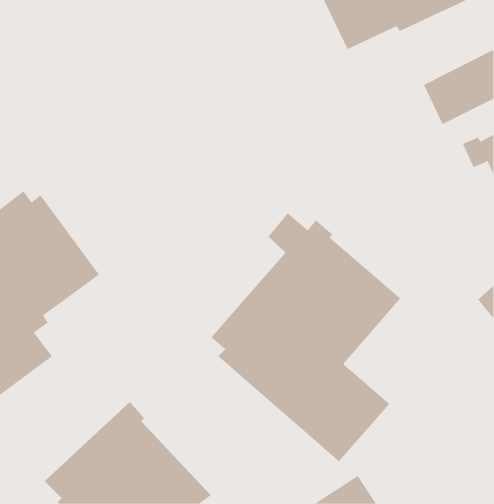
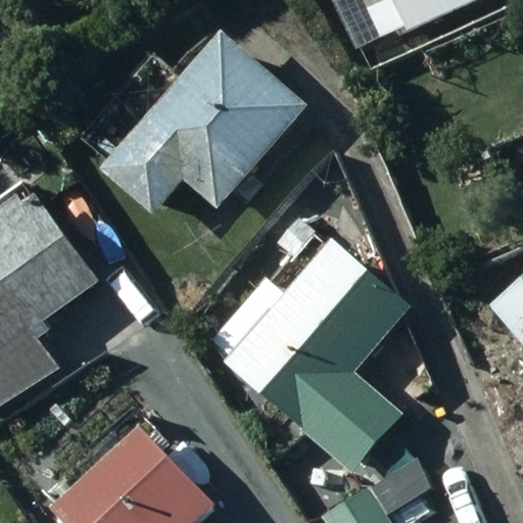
building: none -> [106,35,307,216]

